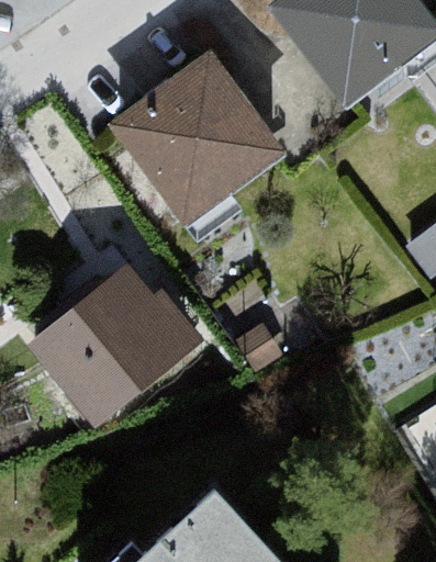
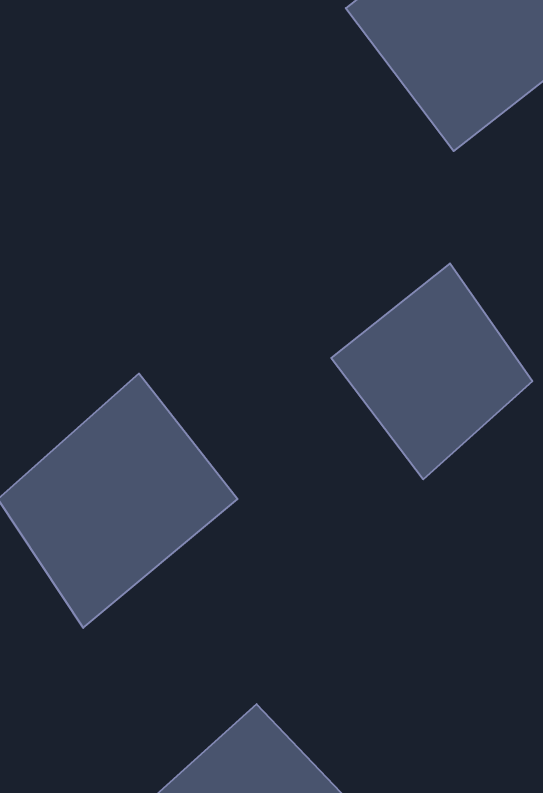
building: [104,52,288,224] -> none
building: none -> [331,263,532,479]

